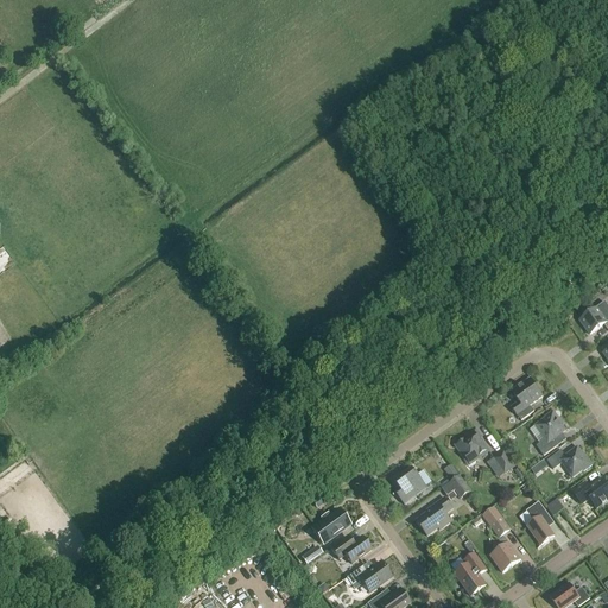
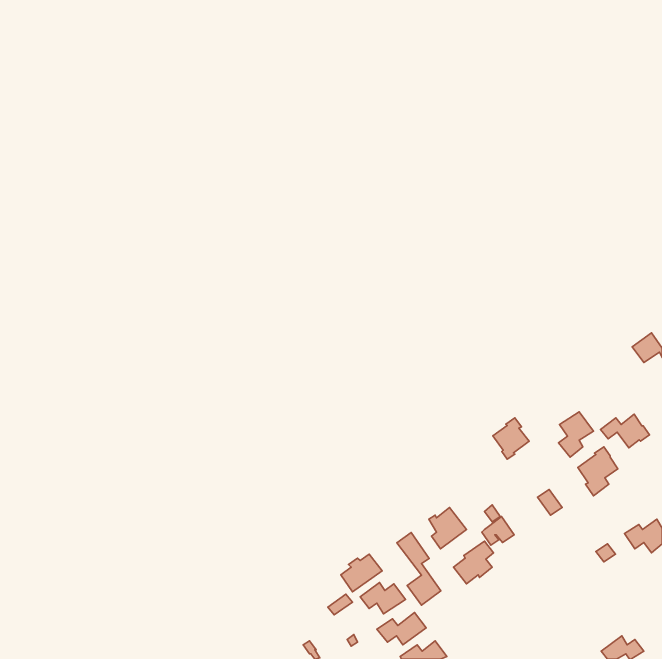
building: [456,428,489,466] -> [493,418,529,459]
building: [547,445,593,476] -> [600,414,650,448]
building: [526,501,555,545] -> none
building: [481,506,521,572] -> [397,533,441,605]
building: [454,551,487,595] -> none

